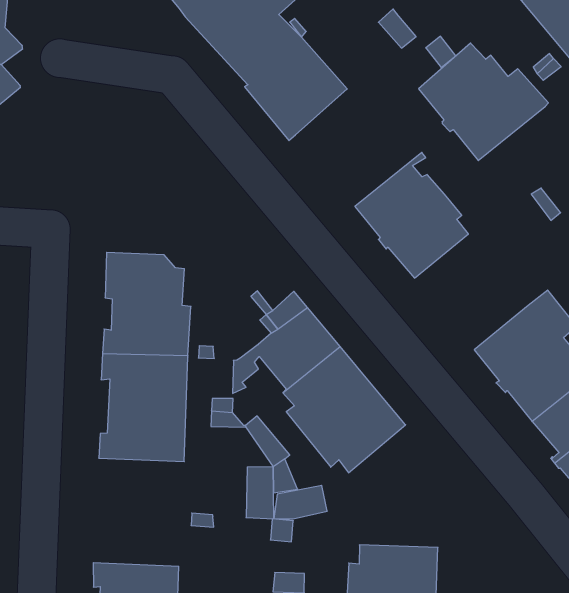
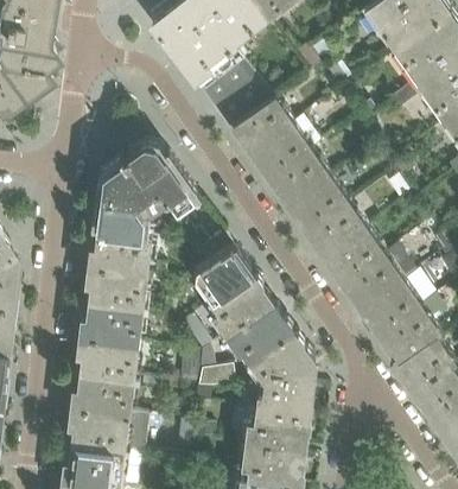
building: [419,43,548,161] -> [235,103,323,184]
building: none -> [100,147,203,220]
building: none -> [308,209,384,288]
building: none -> [253,336,317,421]
building: none -> [74,342,141,420]

